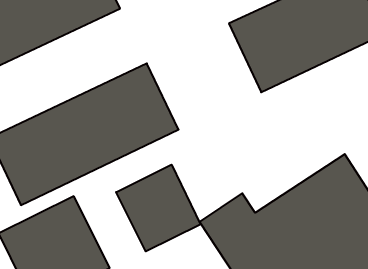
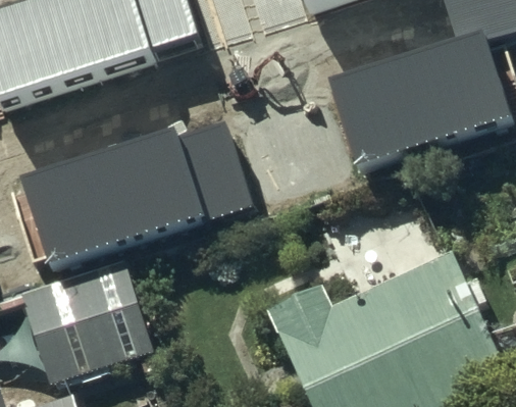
building: [116,165,201,251] -> none

